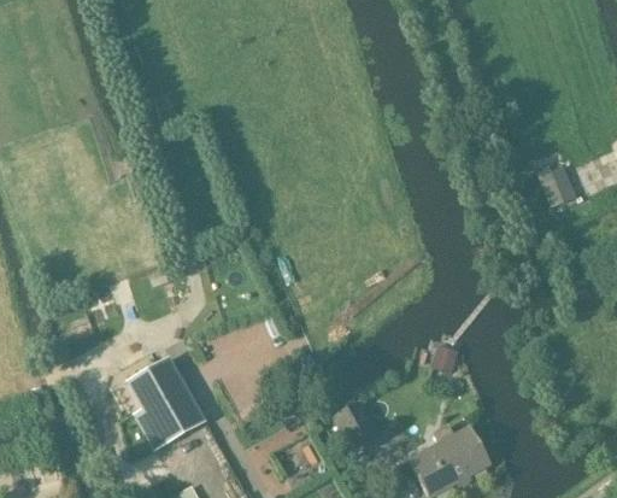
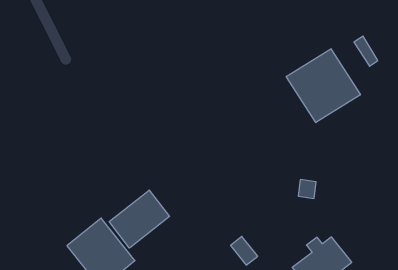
building: none -> [286,49,360,123]
building: none -> [109,190,169,248]

